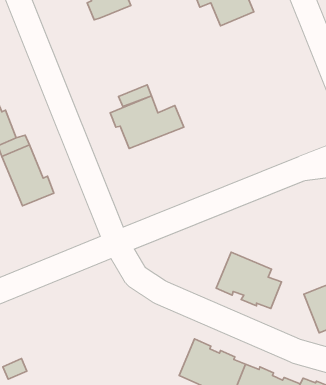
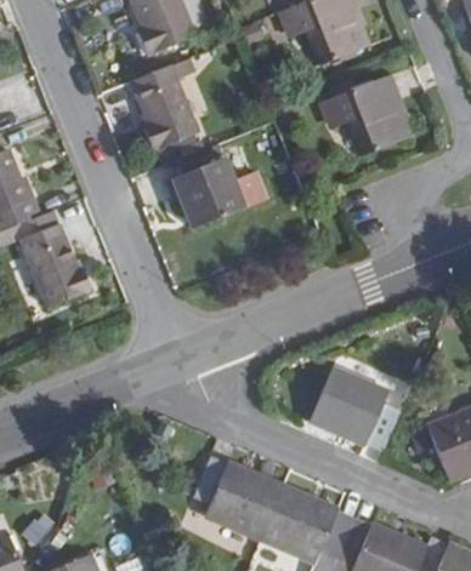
building: none -> [131,64,198,150]
building: none -> [323,74,407,154]
building: none -> [192,462,282,537]

